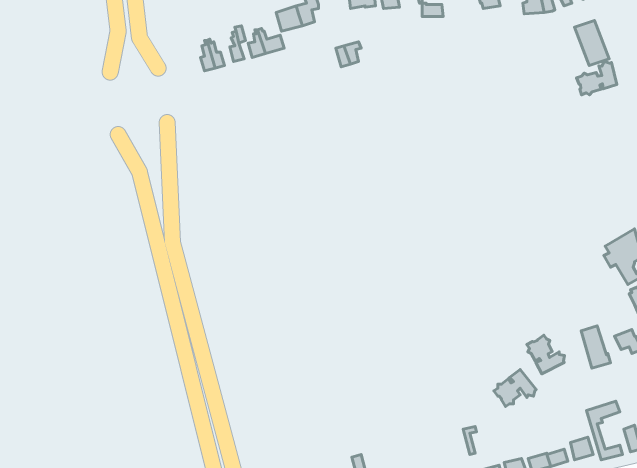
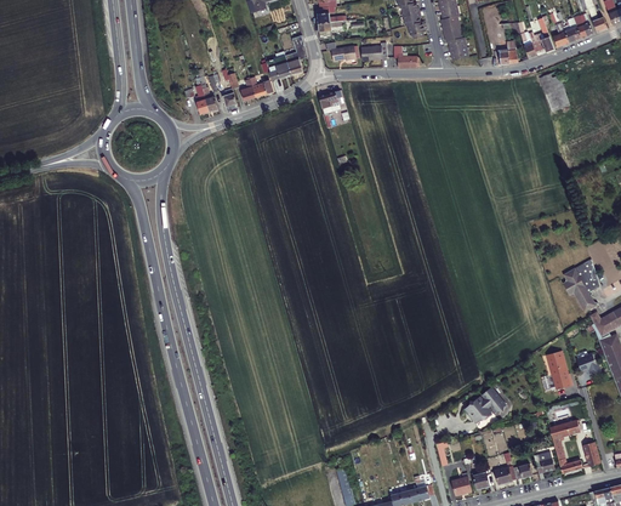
building: [577,61,617,95] -> none
building: [527,335,564,374] -> none

